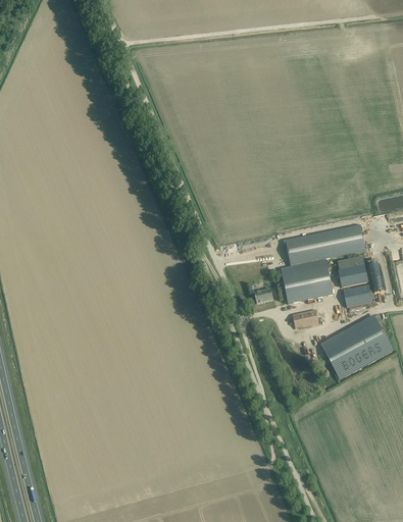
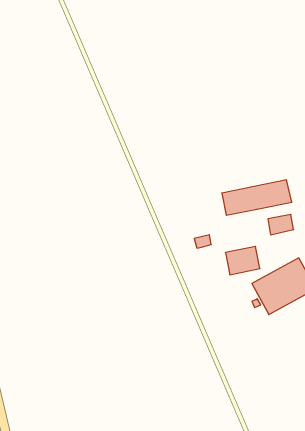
building: [281,258,334,303] -> none
building: [343,284,374,307] -> none

